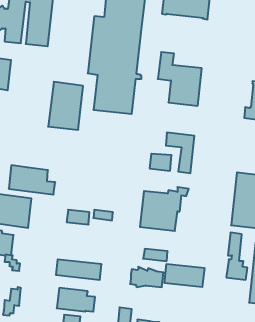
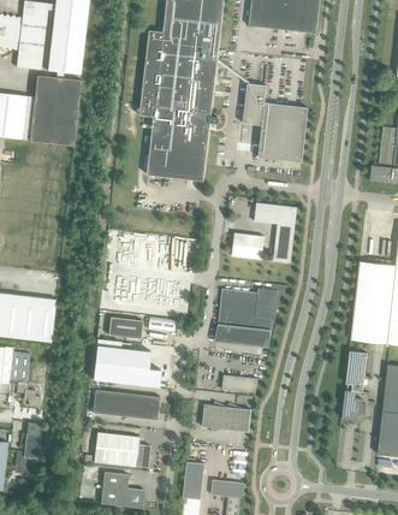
building: [48,82,83,130] -> [29,75,81,146]
building: [9,165,55,194] -> [93,344,161,387]
building: [165,264,204,287] -> none

